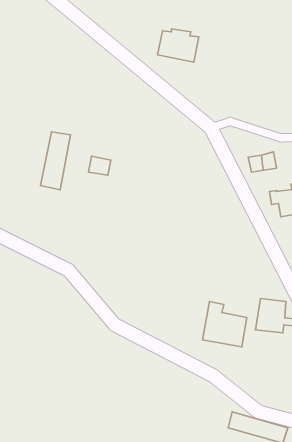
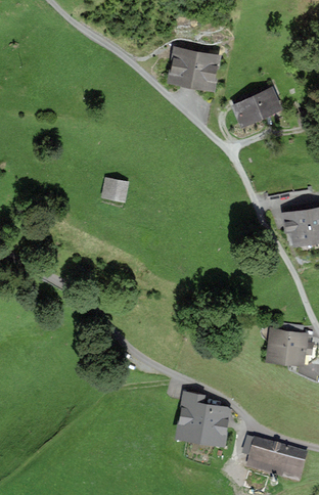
building: none -> [234,91,280,124]
building: [41,132,70,190] -> none
building: [202,301,247,347] -> [182,396,227,442]

